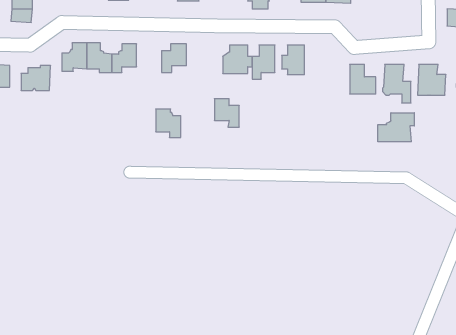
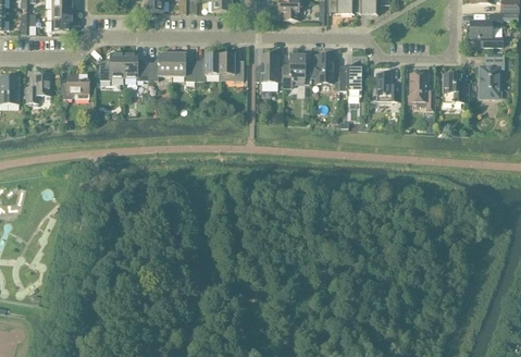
building: none -> [339,65,361,96]
building: [214,99,239,127] -> [220,53,244,81]
building: [156,109,181,137] -> [172,53,196,81]
building: [378,113,414,142] -> none

